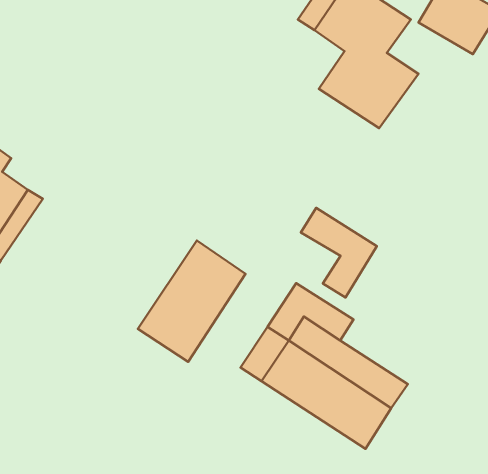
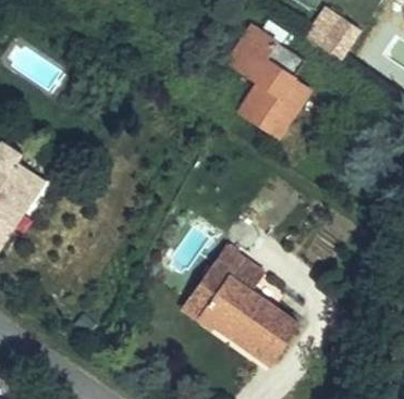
building: [301,208,377,297] -> none
building: [138,241,245,362] -> none

